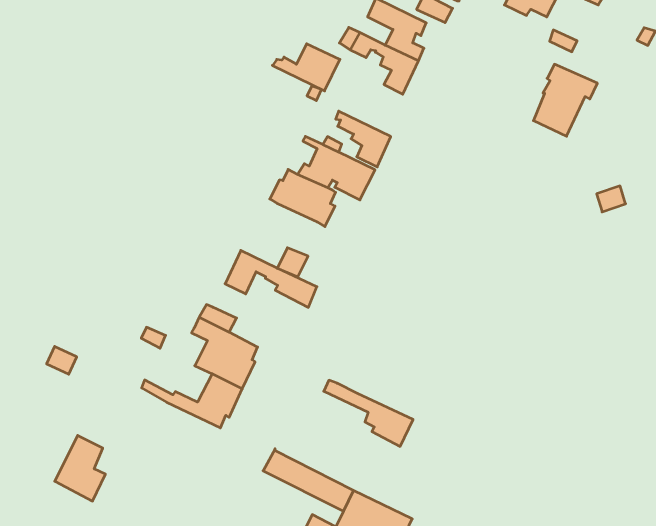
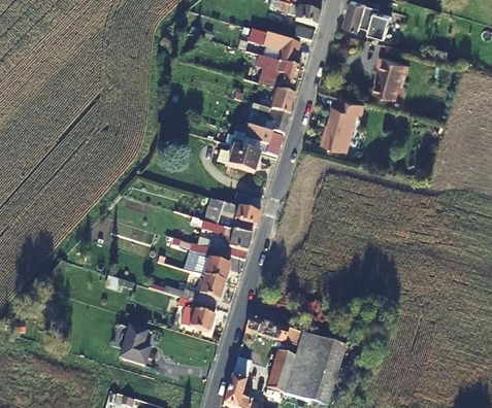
building: [272,44,340,91] -> [256,88,296,114]
building: none -> [322,95,364,148]
building: [324,380,413,446] -> [197,218,254,251]
building: none -> [178,297,216,332]

